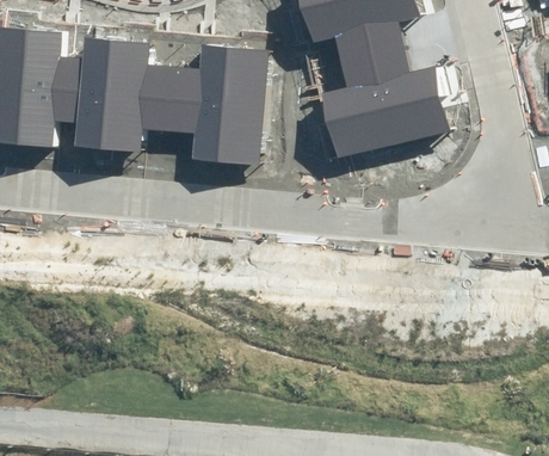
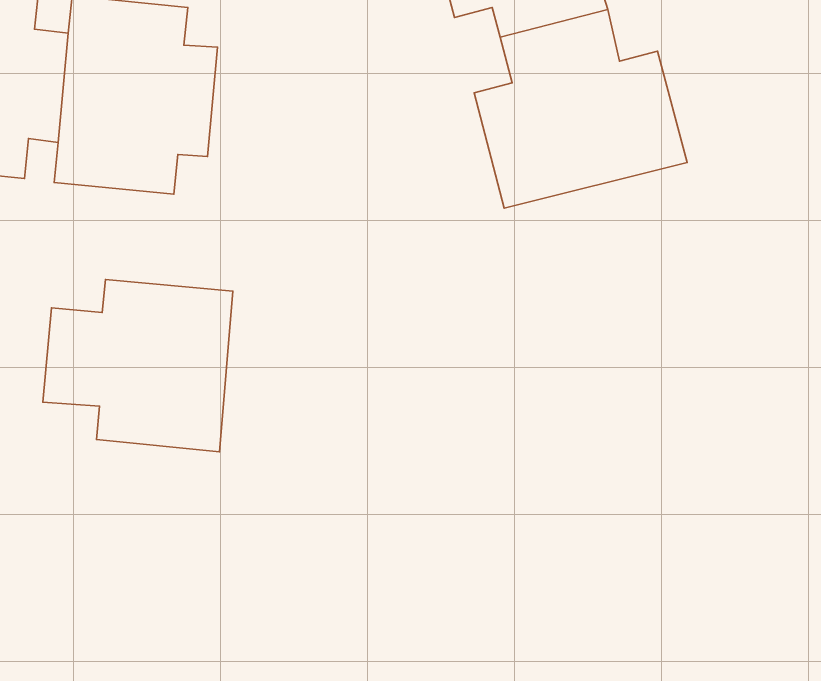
building: [161,44,270,162] -> none
building: none -> [43,279,233,452]

